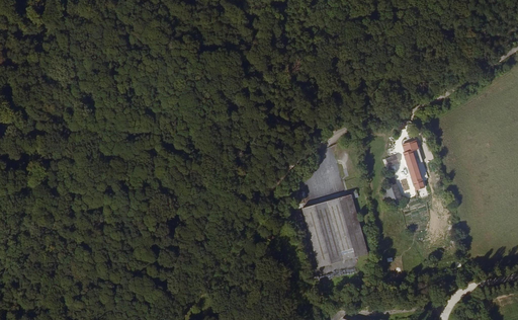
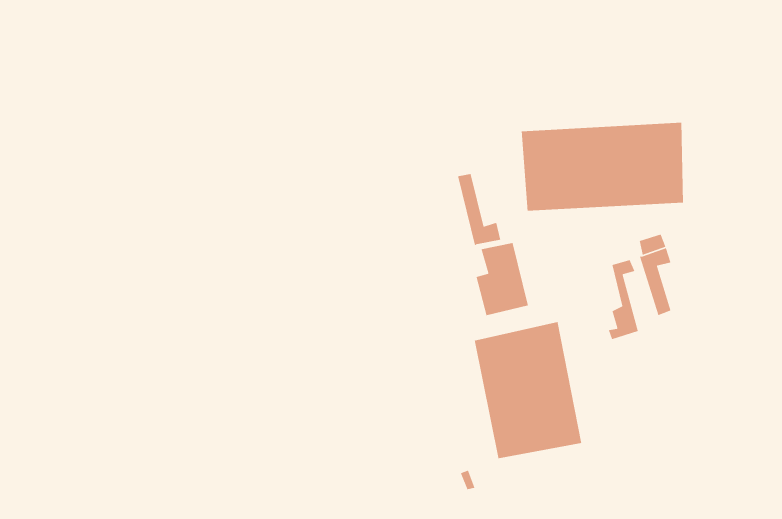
building: none -> [521,122,684,212]
building: none -> [457,173,501,247]

